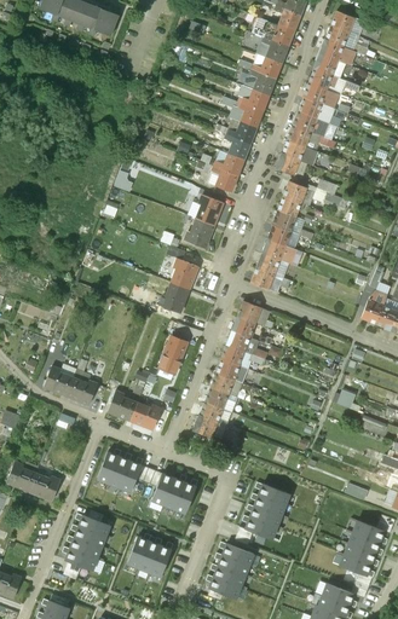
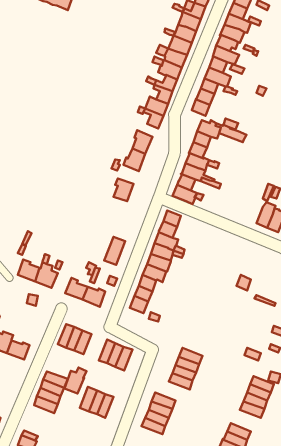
building: [160,280,190,312] -> none
building: none -> [64,368,86,394]

